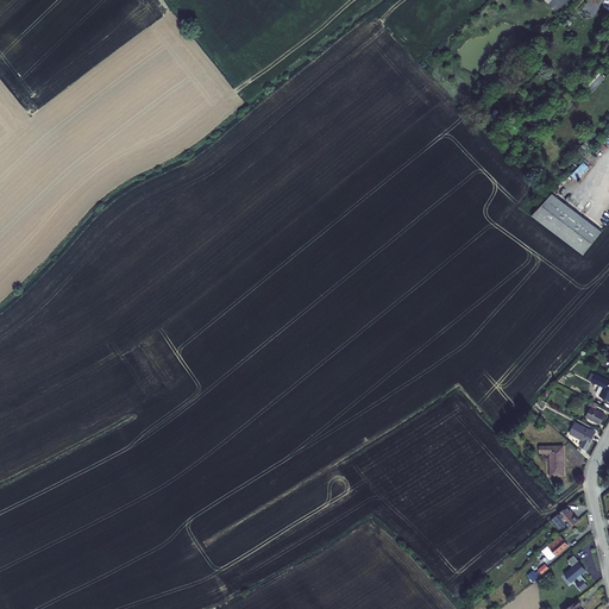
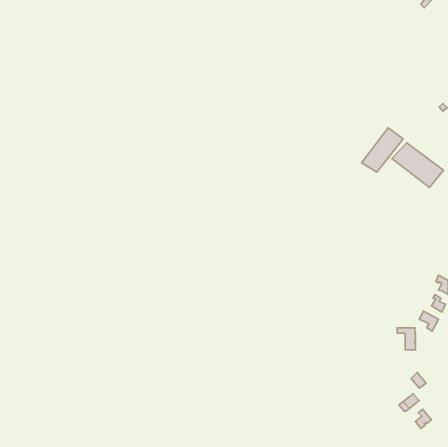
building: none -> [361,128,403,172]

